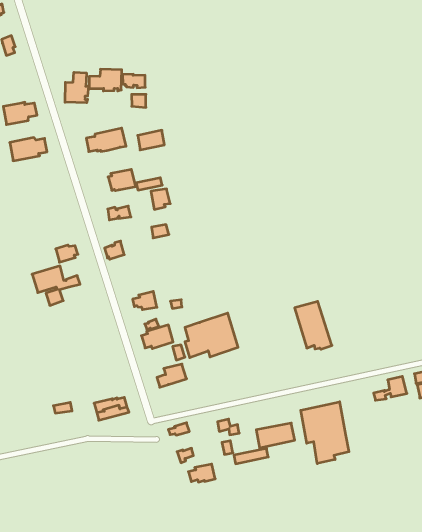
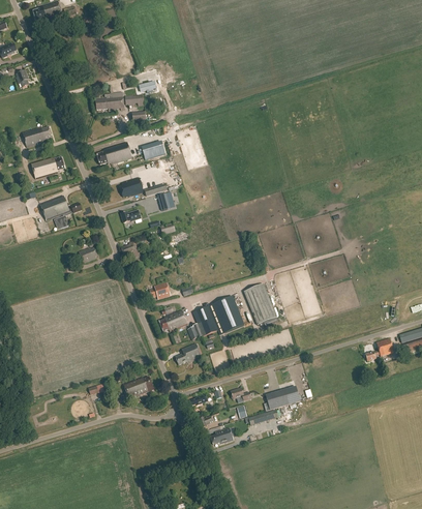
building: [65,72,88,103] -> none
building: [32,266,80,305] -> [40,194,83,230]
building: [295,301,332,349] -> [243,283,278,325]
building: [301,402,349,464] -> none

